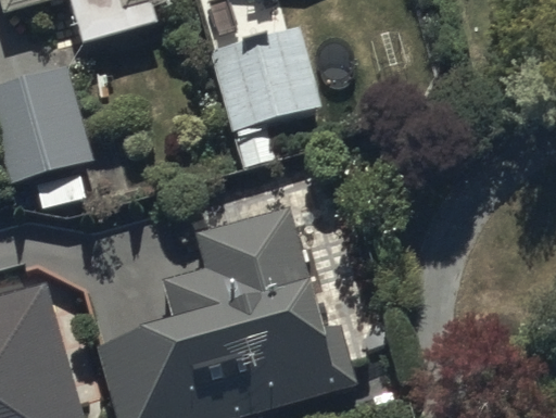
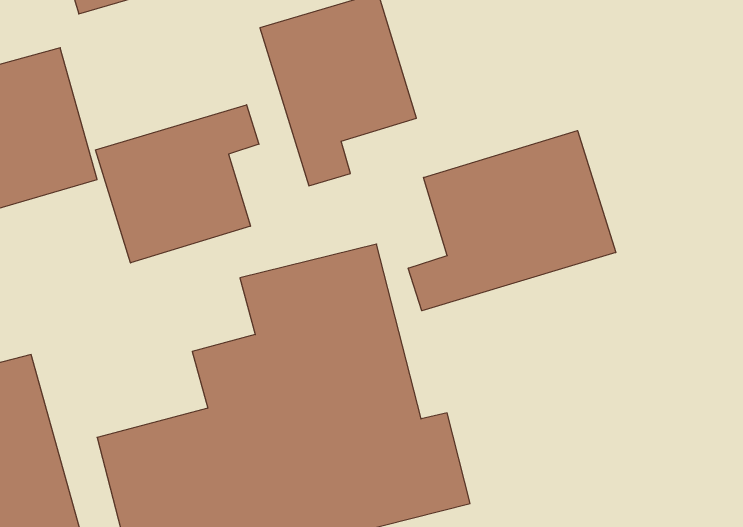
building: none -> [95,105,259,263]
building: none -> [408,131,616,311]

